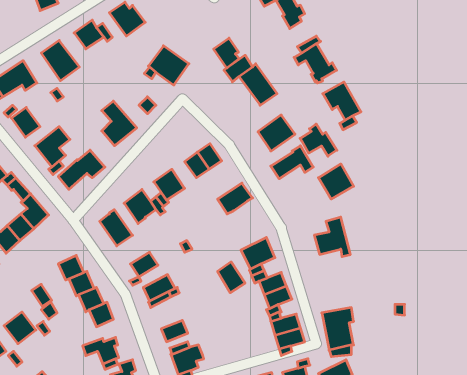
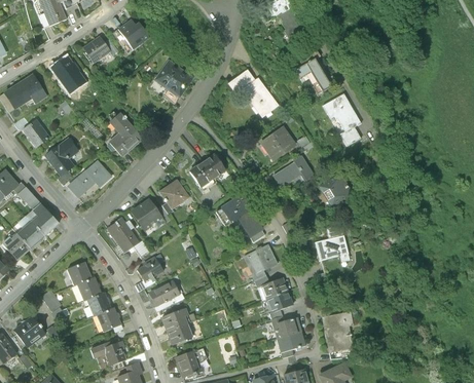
building: [214,38,239,68] -> none
building: [300,124,337,156] -> none
building: [218,262,245,293] -> [236,209,263,239]
building: none -> [161,308,188,333]

